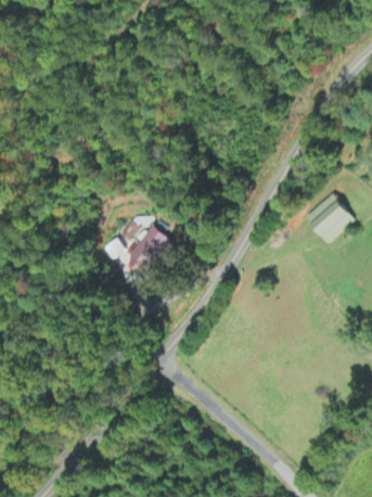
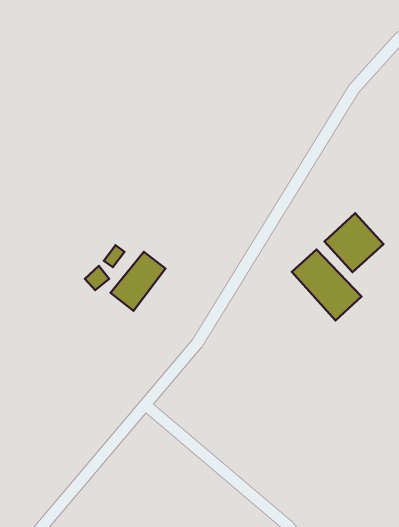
building: none -> [292,250,361,320]

